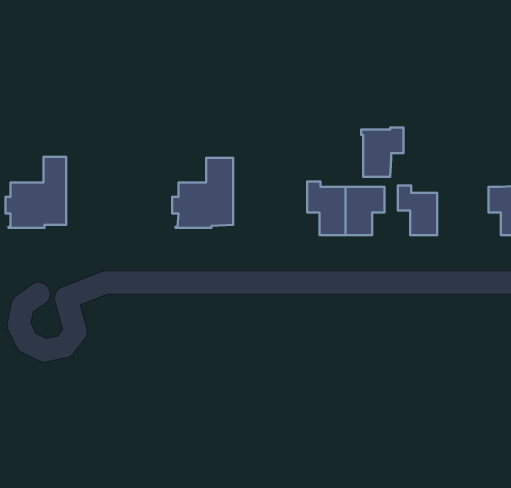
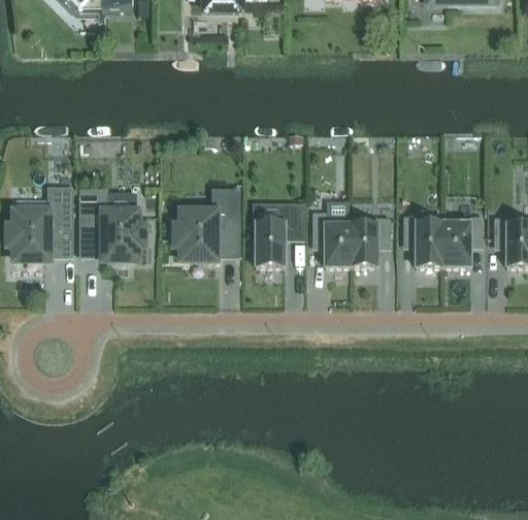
building: [361,128,403,177] -> [440,217,483,266]
building: none -> [80,189,141,259]
building: none -> [256,206,301,266]

